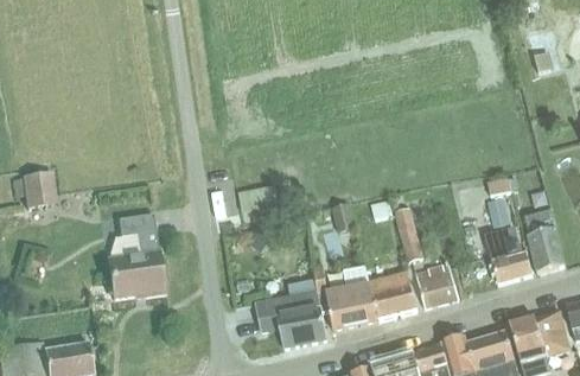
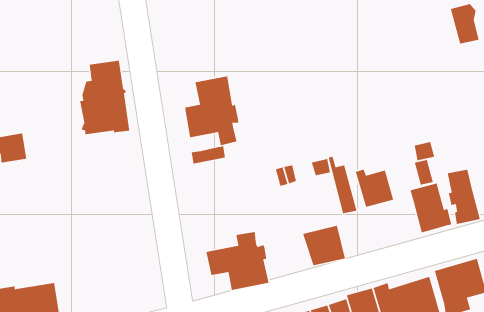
building: none -> [184,75,239,146]
building: [108,212,165,297] -> [79,60,130,135]
building: [410,263,454,307] -> [355,168,394,208]
building: [312,267,376,330] -> none

